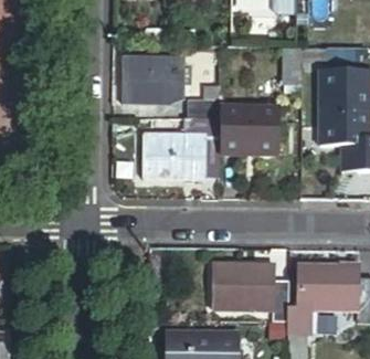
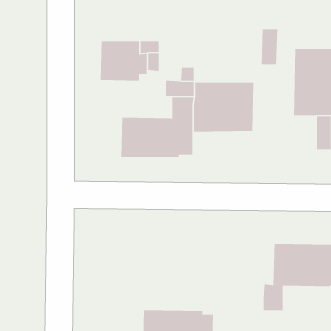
building: [212,266,288,321] -> none

